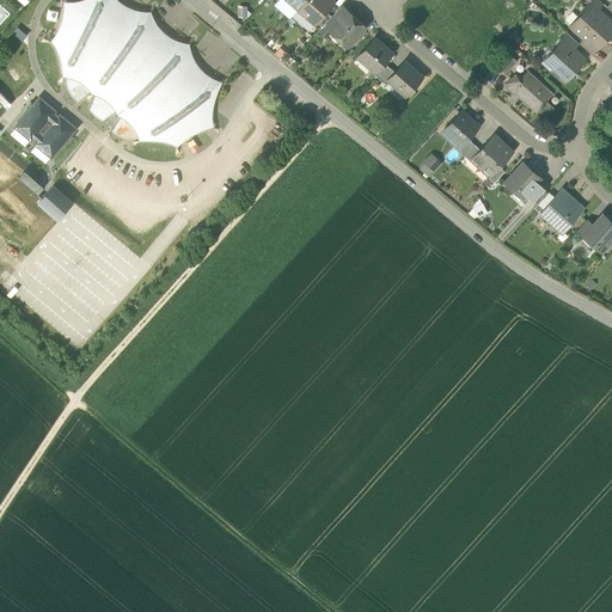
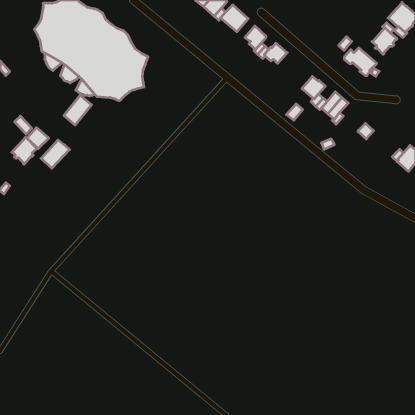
building: [16,99,56,142] -> none
building: [37,116,78,160] -> [64,95,92,125]
building: [507,161,541,192] -> none
building: [541,190,583,232] -> none
building: none -> [12,137,37,164]
building: none -> [41,140,70,168]

